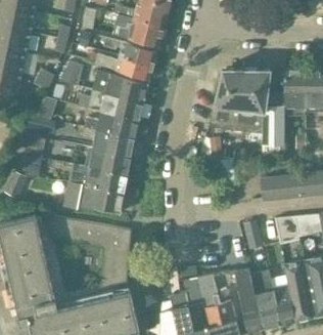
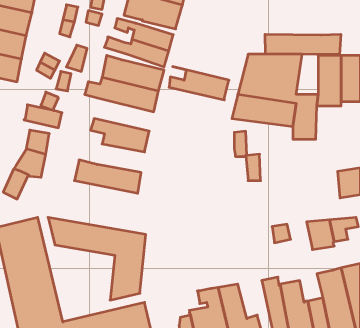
building: none -> [265,34,341,55]
building: [85,108,138,137] -> [169,67,229,100]
building: [84,148,130,174] -> none
building: [260,173,304,202] -> none
building: [62,181,124,213] -> none

